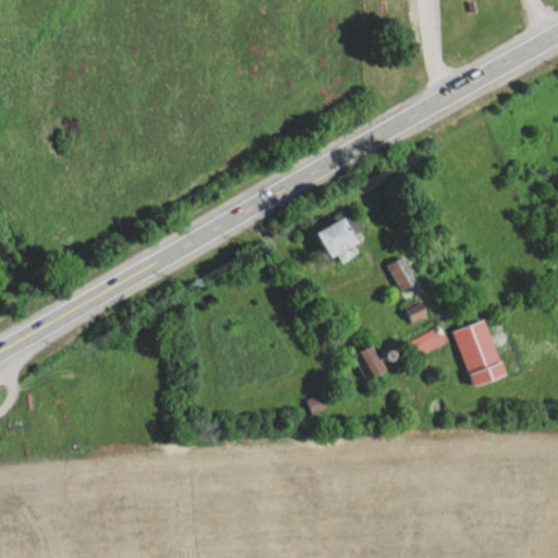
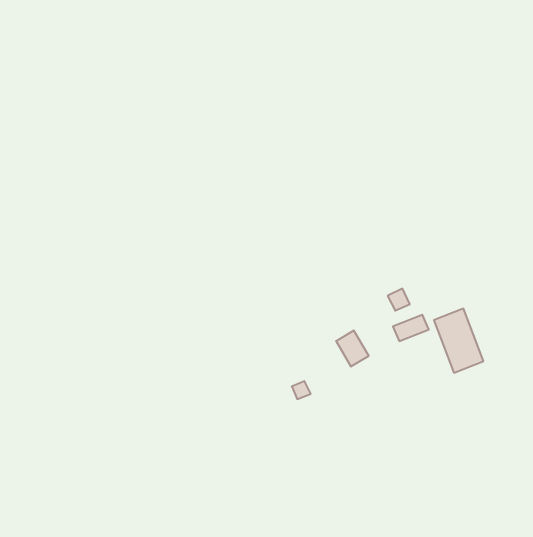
building: [315,213,364,262] -> none
building: [388,256,417,290] -> none

